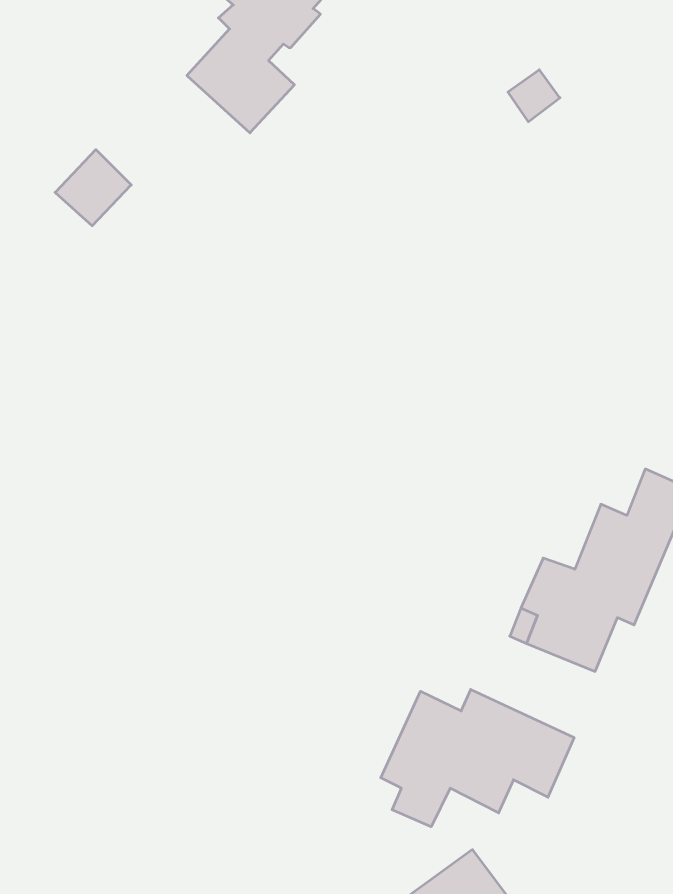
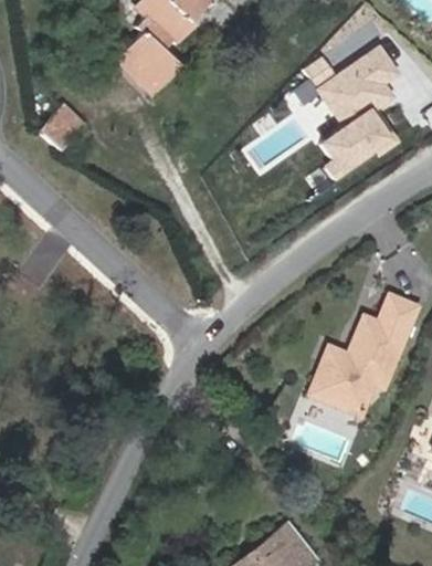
building: none -> [322,48,398,180]
building: [381,689,574,827] -> none

